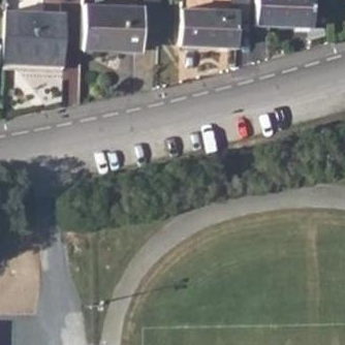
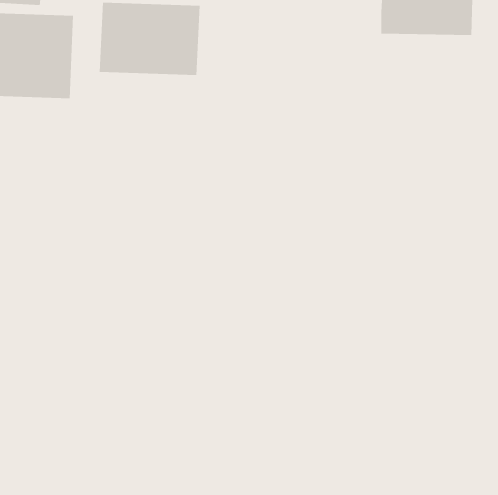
building: [181,8,240,48] -> none

